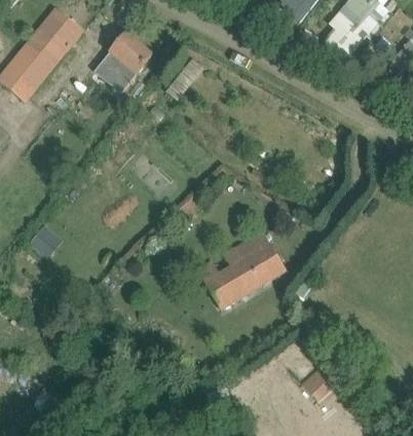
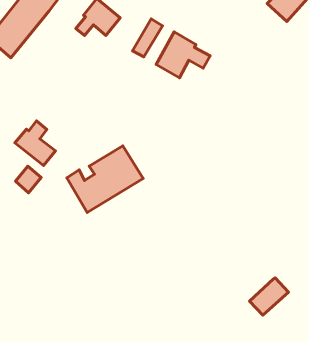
building: none -> [156,32,210,78]
building: none -> [15,121,56,165]
building: [197,231,286,308] -> [67,146,143,212]

